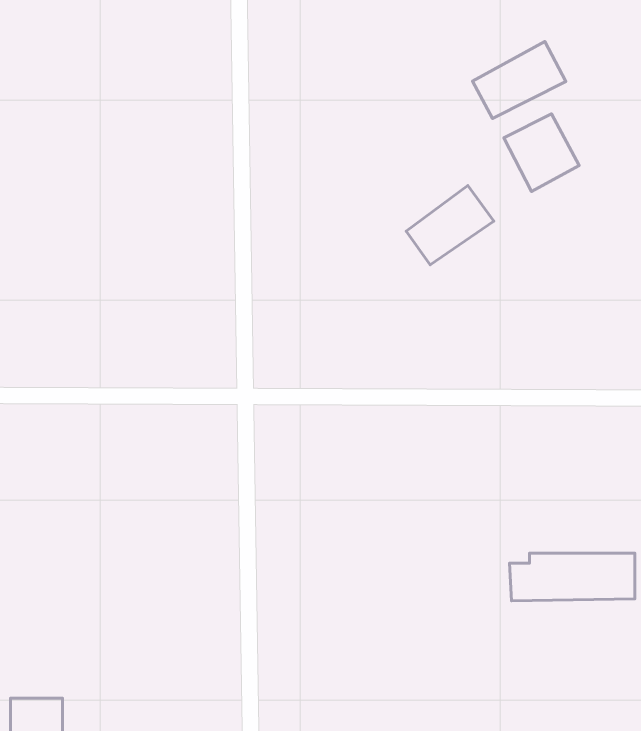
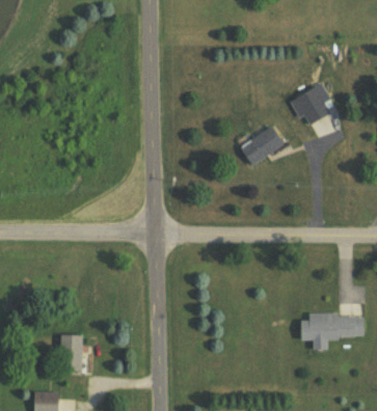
building: [472,41,566,118] -> none
building: none -> [60,334,85,372]

